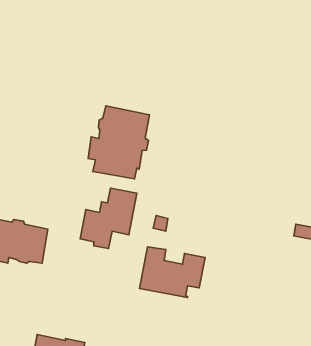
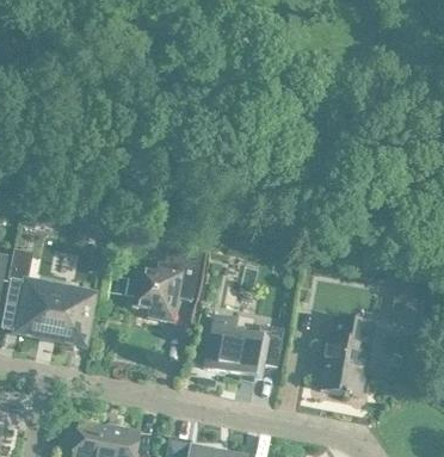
building: [88,106,149,179] -> none
building: none -> [321,319,374,397]

